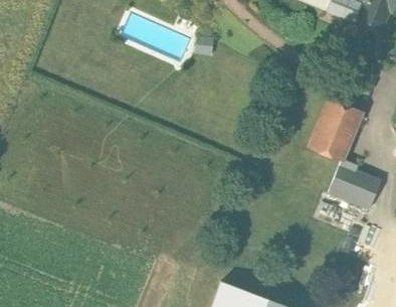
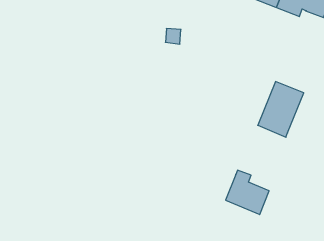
building: [328,159,379,211] -> [226,170,269,215]

